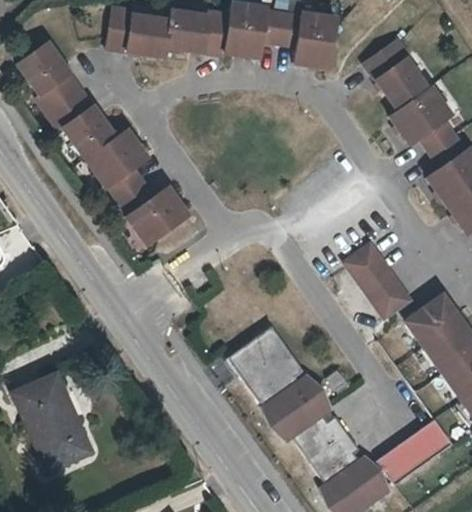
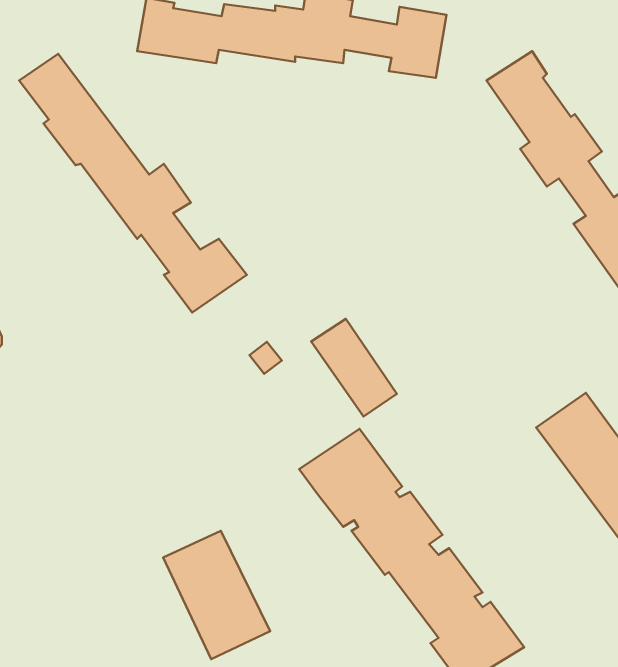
building: [346,245,410,318] -> [311,319,397,417]
building: [11,373,91,469] -> [163,531,270,659]
building: [375,419,451,482] -> none

